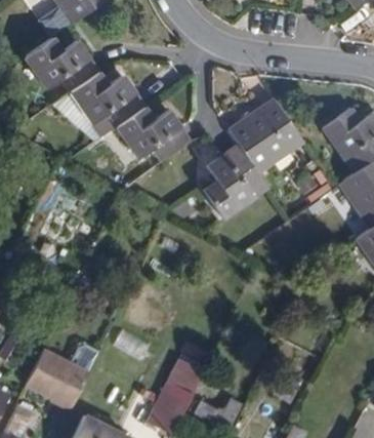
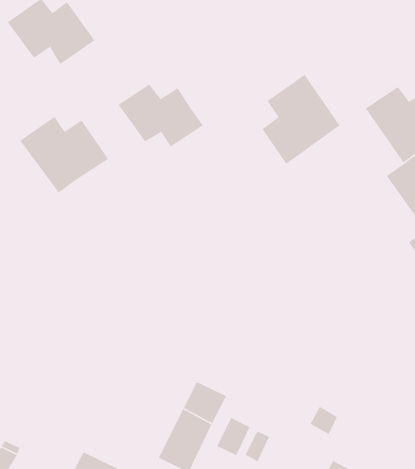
building: [67,72,141,136] -> [19,116,109,193]
building: [200,146,255,218] -> none
building: [27,346,92,406] -> none

